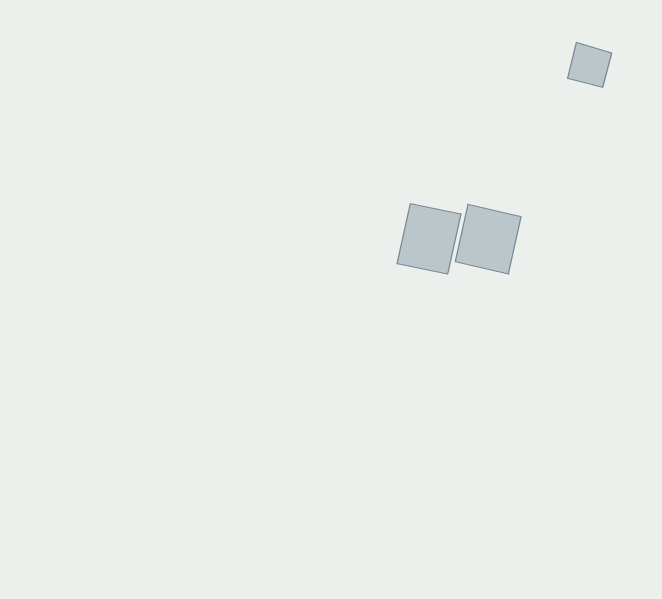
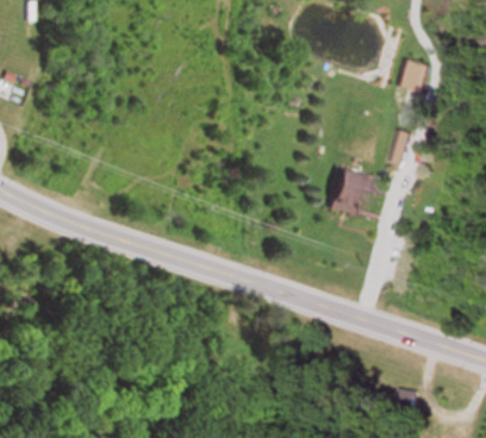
building: [397,204,461,274] -> none

